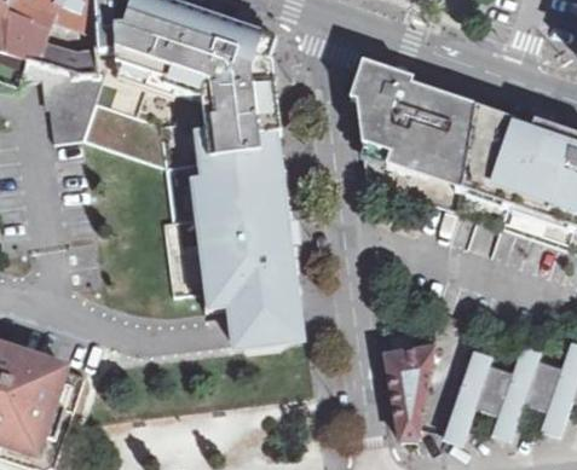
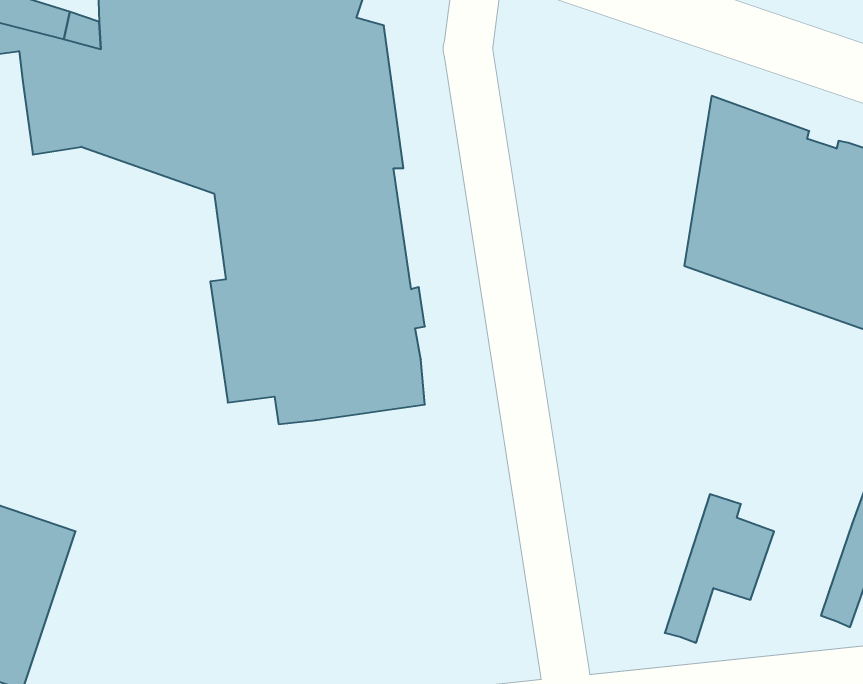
building: [356,64,475,205] -> none
building: [230,291,302,335] -> none
building: [495,342,562,434] -> none
building: [387,346,435,435] -> none

